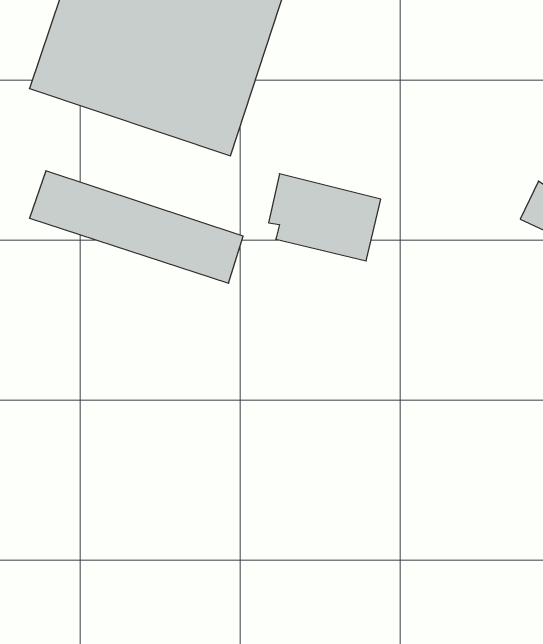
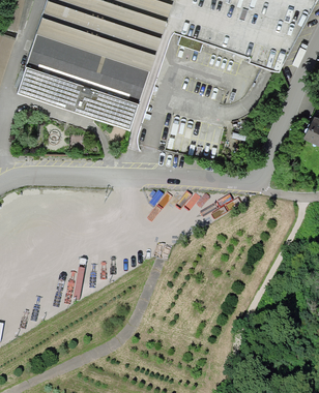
building: [29,171,243,283] -> [16,65,138,129]

